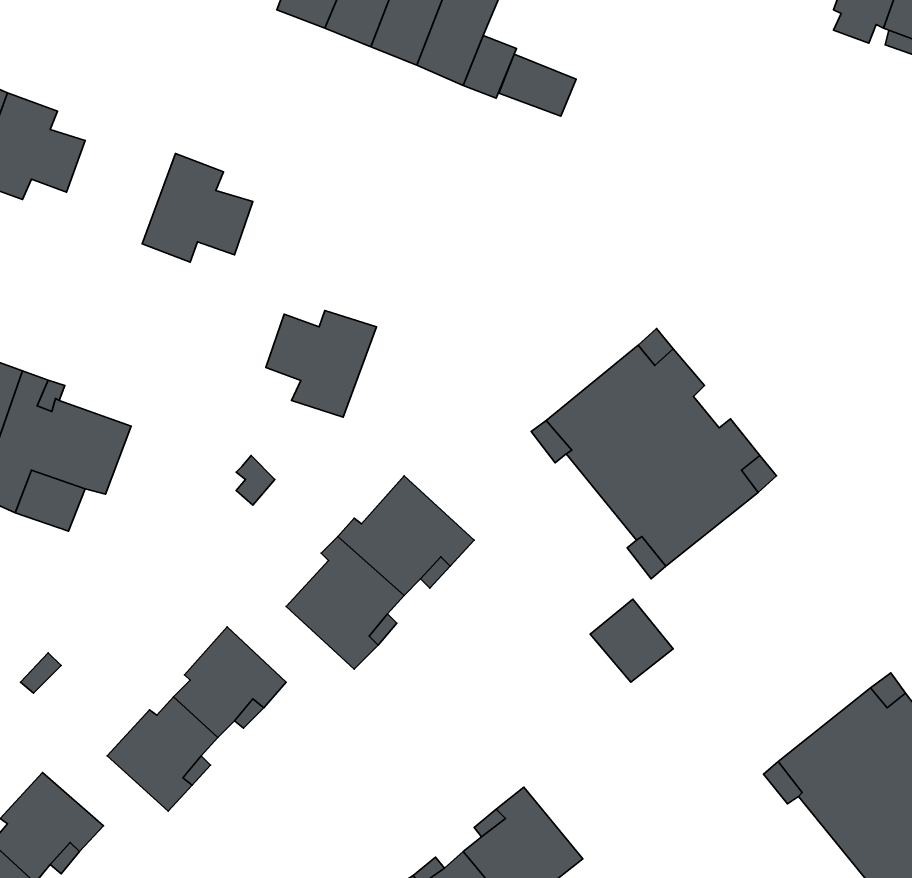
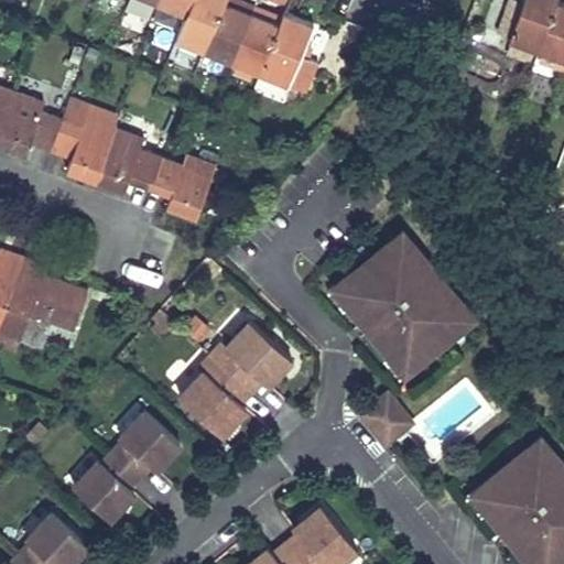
building: [499,54,576,116] -> none
building: none -> [50,118,115,182]
building: [266,310,376,417] -> [150,154,216,218]

